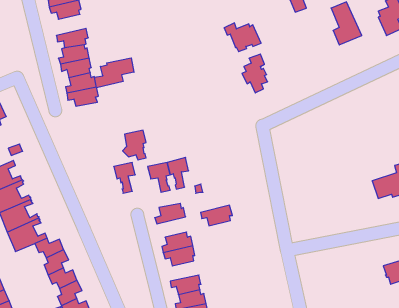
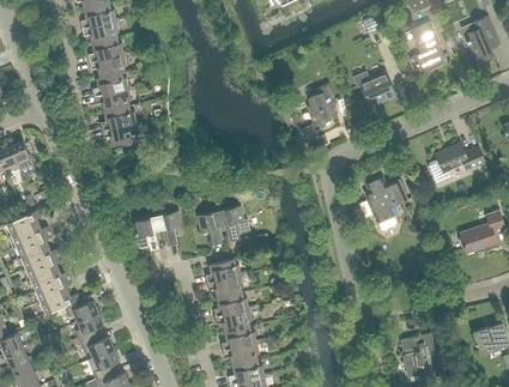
building: none -> [87,37,125,62]
building: [224,23,261,52] -> [353,72,396,105]
building: [95,58,134,88] -> none
building: none -> [429,143,484,183]
building: [123,130,146,160] -> [133,216,160,250]
building: none -> [359,176,407,231]
building: [201,205,232,226] -> [207,274,244,298]
building: none -> [220,326,256,350]
building: none -> [400,333,444,375]

